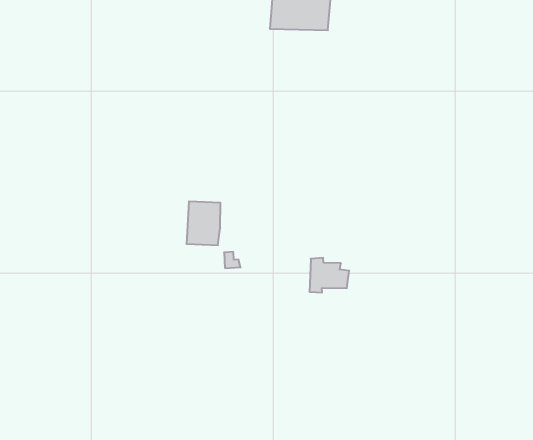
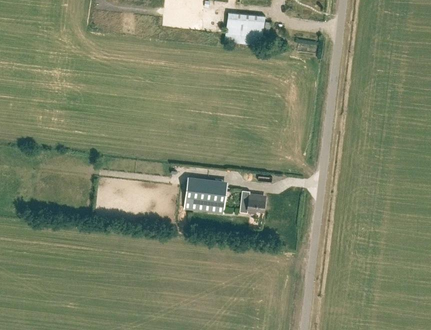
building: [186,201,220,245] -> [203,183,226,212]

